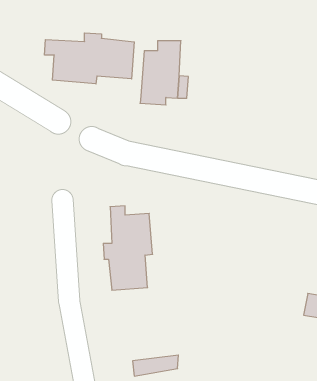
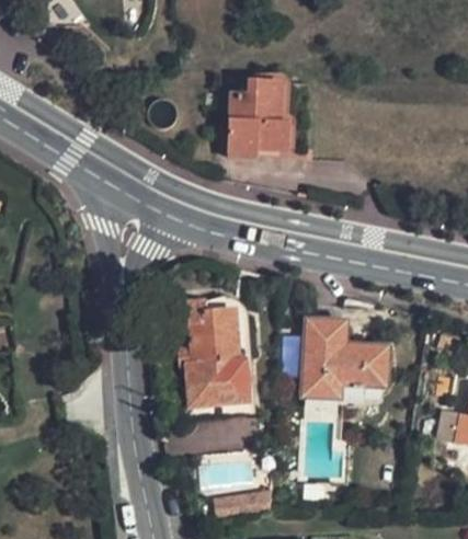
building: [45,33,134,84] -> none
building: none -> [306,319,387,418]

